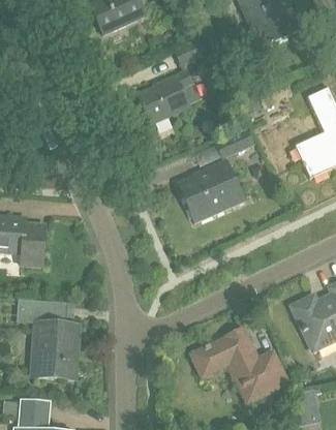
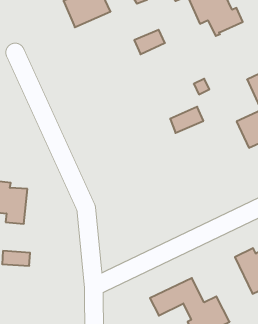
building: [138,70,191,123] -> none
building: [179,162,243,221] -> none
building: [32,321,80,379] -> none

